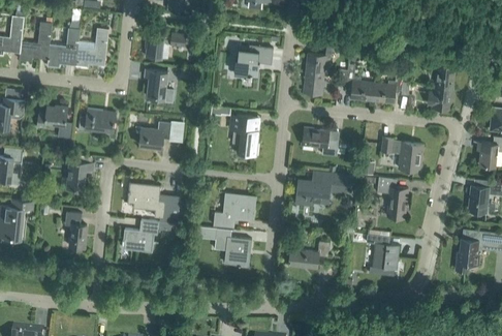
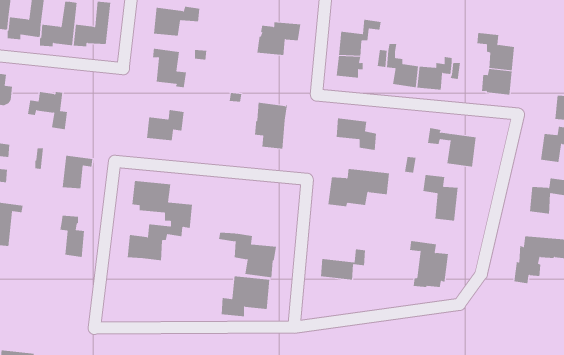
building: [77,109,115,131] -> none
building: [213,192,255,227] -> [221,276,270,317]

